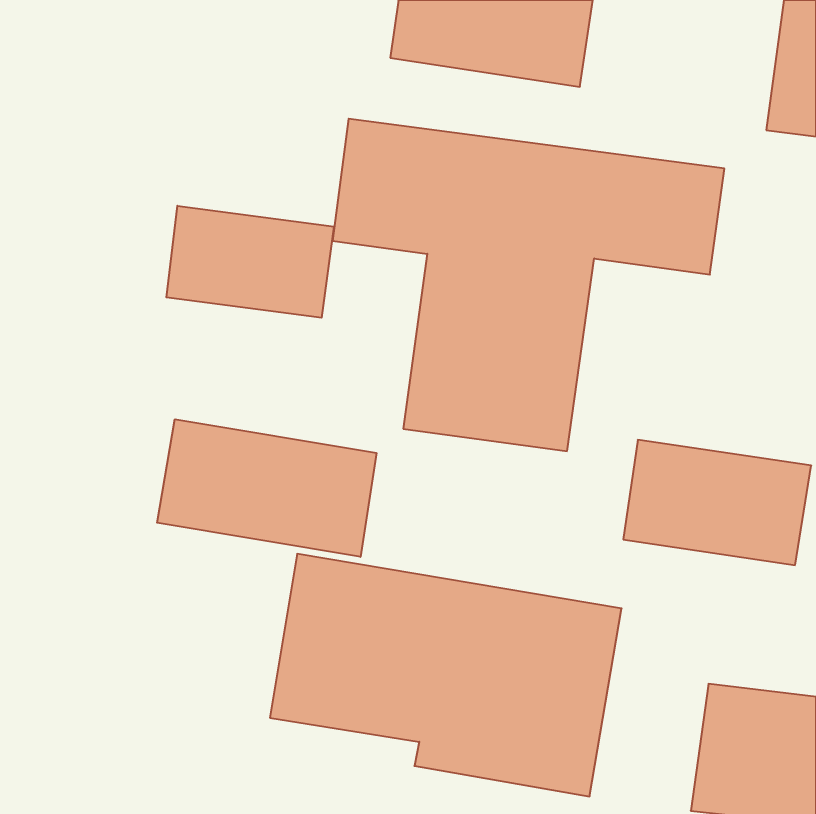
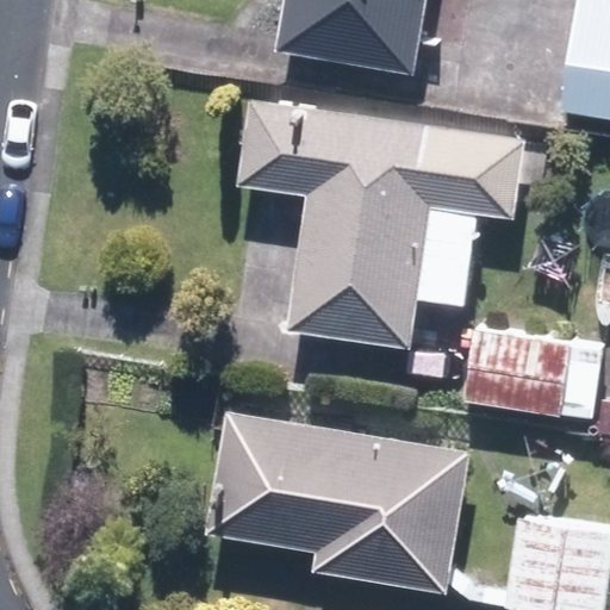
building: [166,206,334,318] -> none
building: [157,419,376,557] -> none

